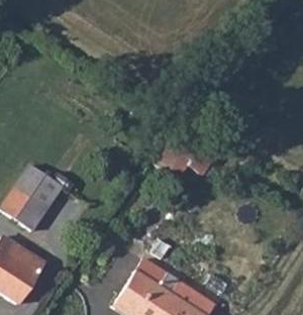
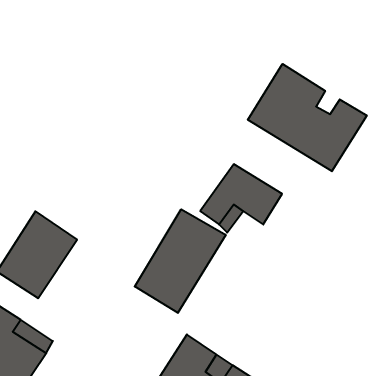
building: none -> [248,64,367,171]
building: none -> [135,209,226,313]

